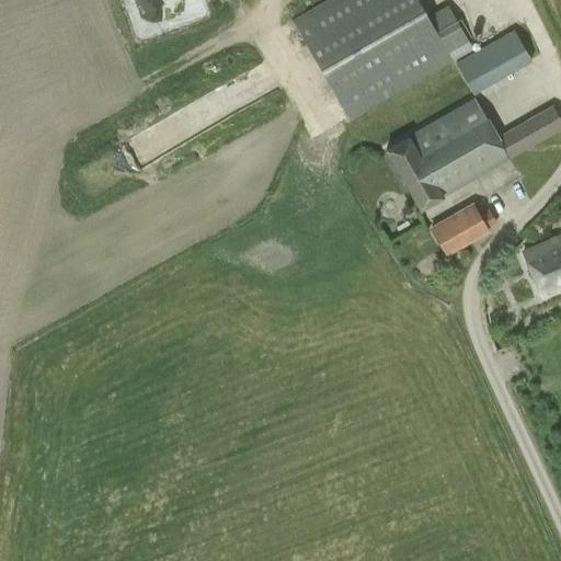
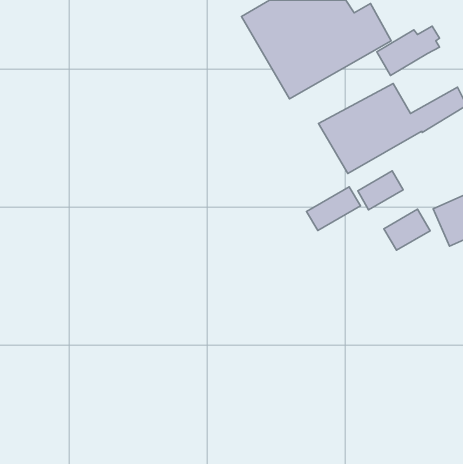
building: none -> [307,187,360,230]
building: none -> [384,209,430,250]

